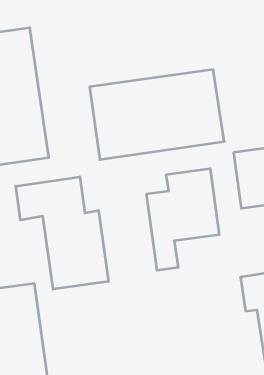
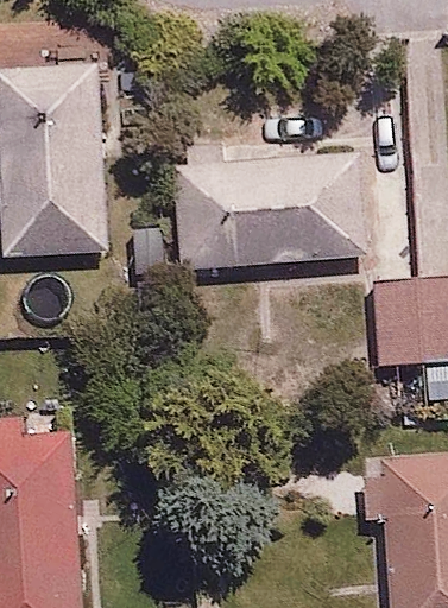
building: [147,169,219,270] -> none
building: [16,177,108,289] -> none

